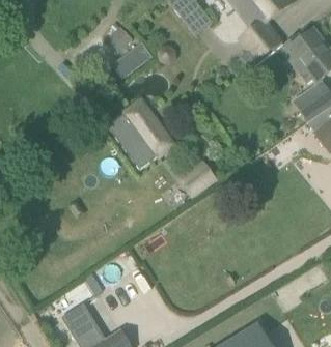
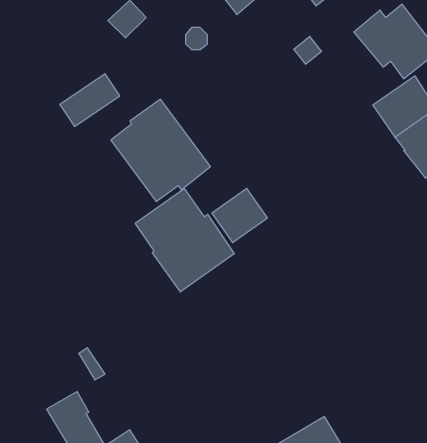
building: [109,39,151,77] -> [60,74,120,126]
building: none -> [135,189,234,292]

